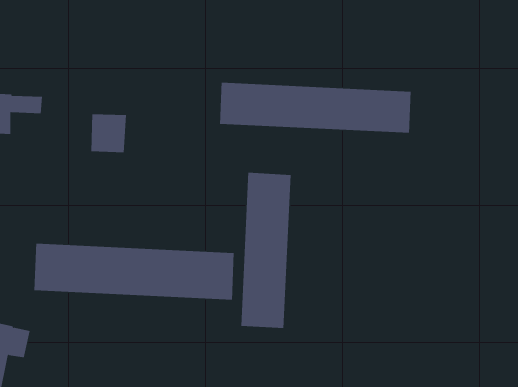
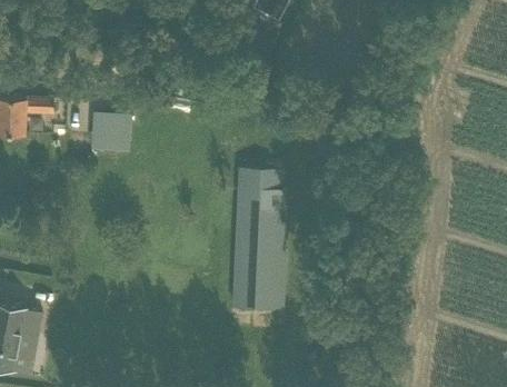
building: [220,82,411,133] -> none
building: [34,243,234,300] -> none

